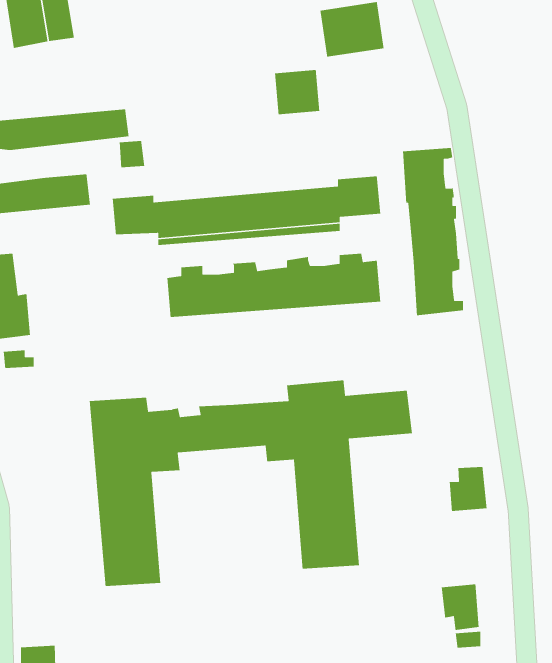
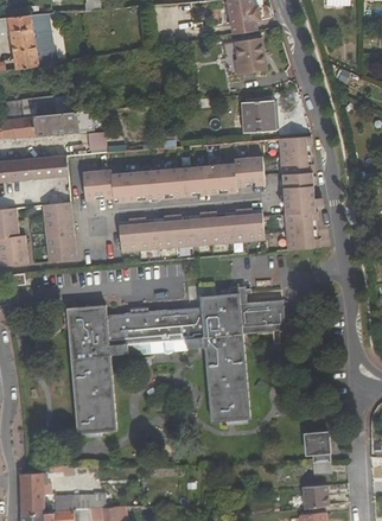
building: [274,69,320,115] -> [241,101,272,132]
building: none -> [42,202,76,262]
building: [449,466,488,512] -> none

